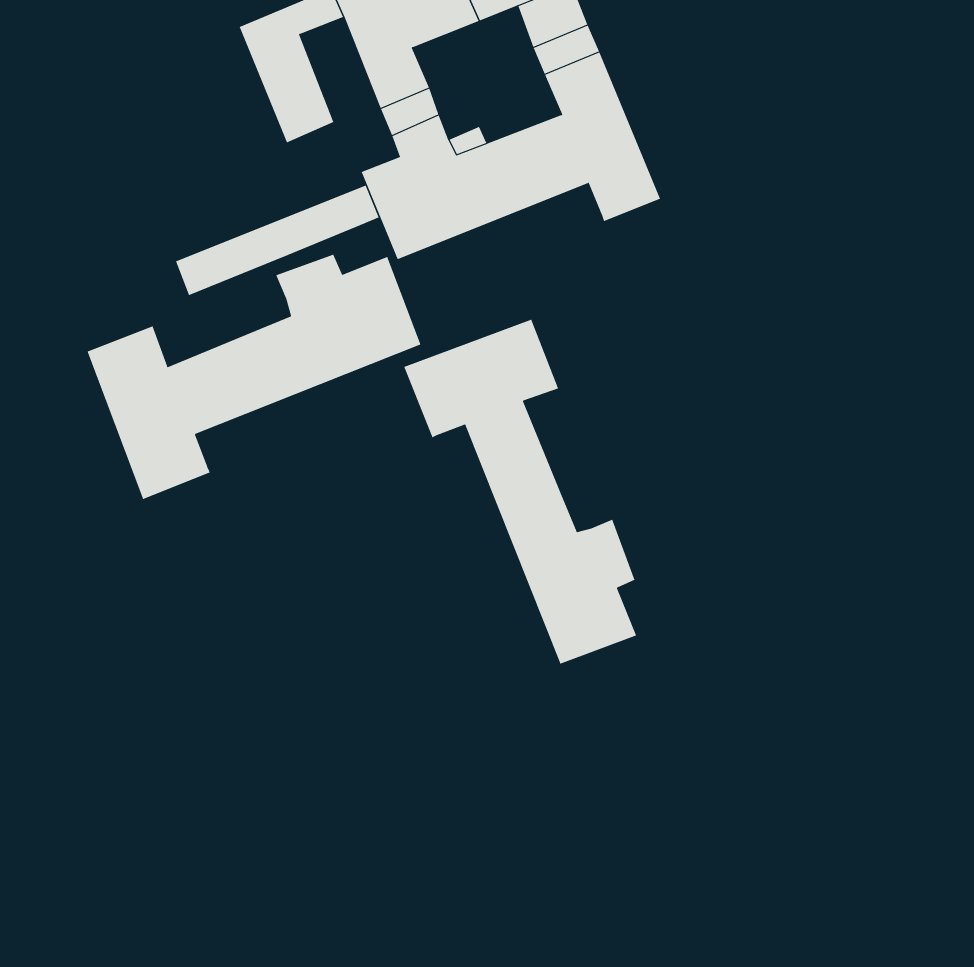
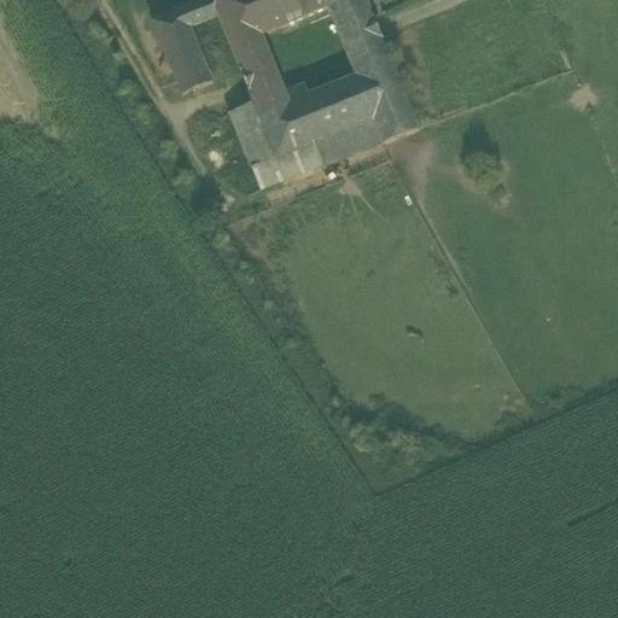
building: [175,185,380,296] -> [251,116,380,186]
building: [87,254,421,500] -> none
building: [403,319,637,664] -> none

